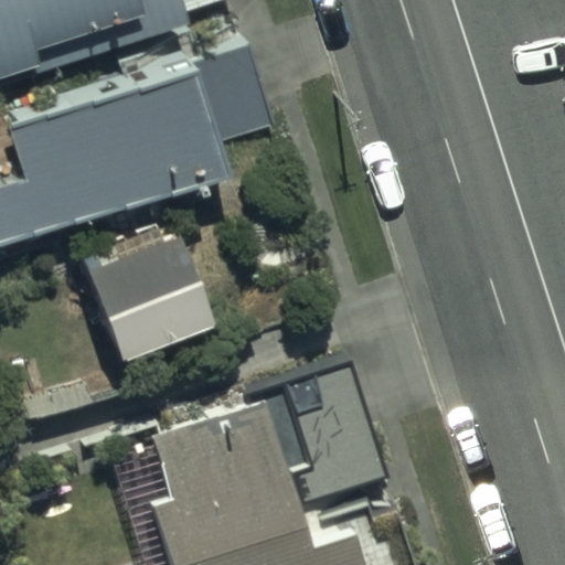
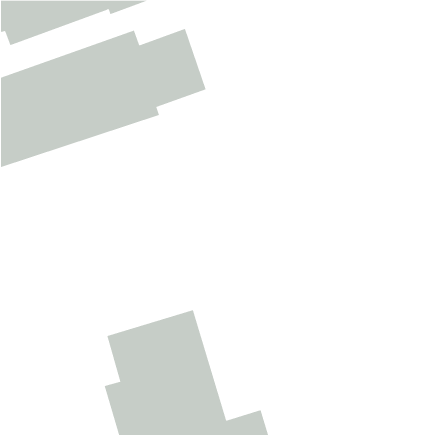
building: [74,222,202,354] -> none
building: [296,377,385,510] -> none

